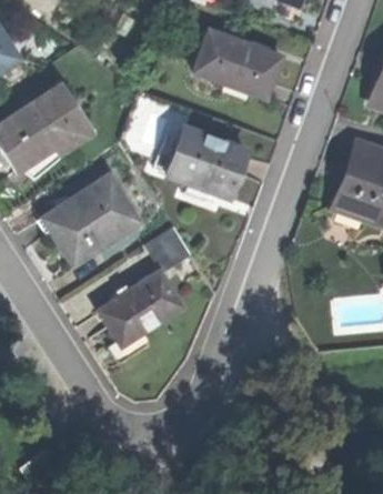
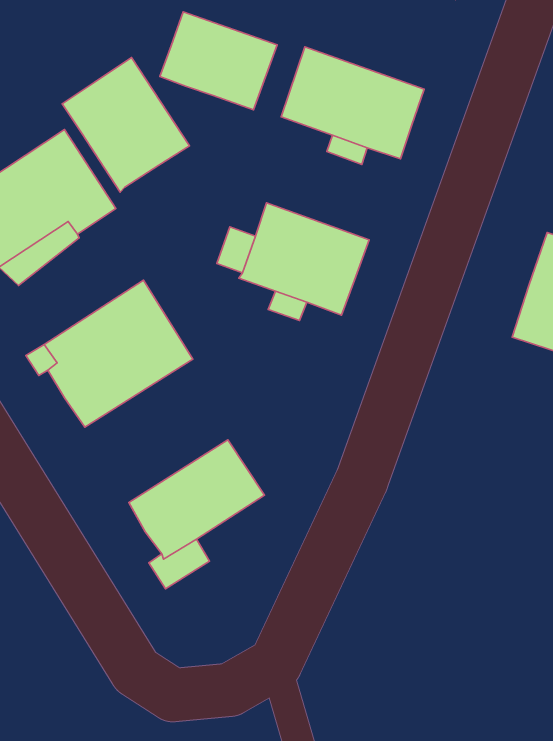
building: none -> [160,12,277,110]
building: none -> [62,58,189,192]
building: [150,225,192,268] -> none

